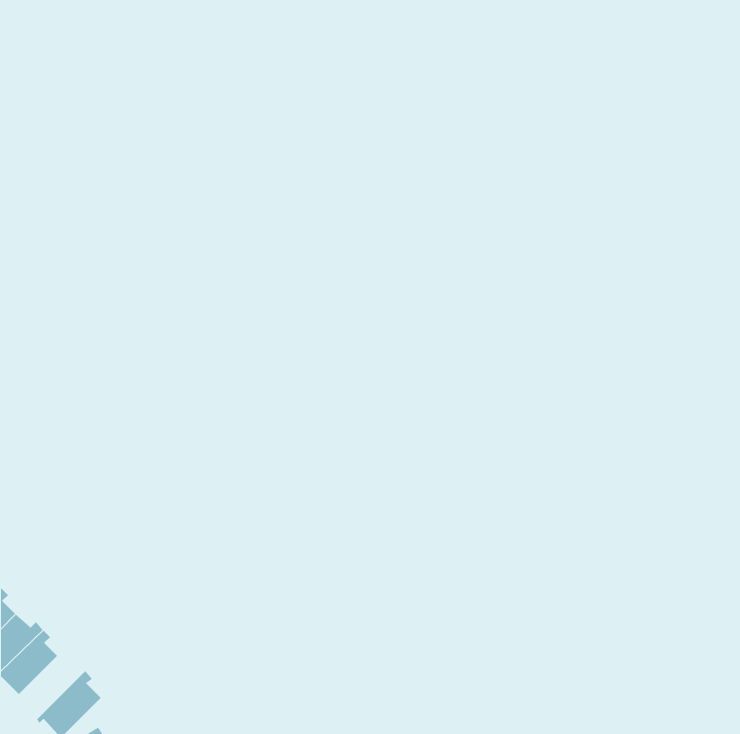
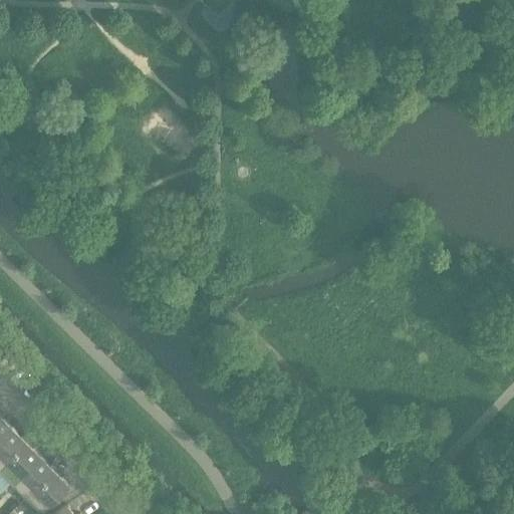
building: none -> [13,459,59,503]

